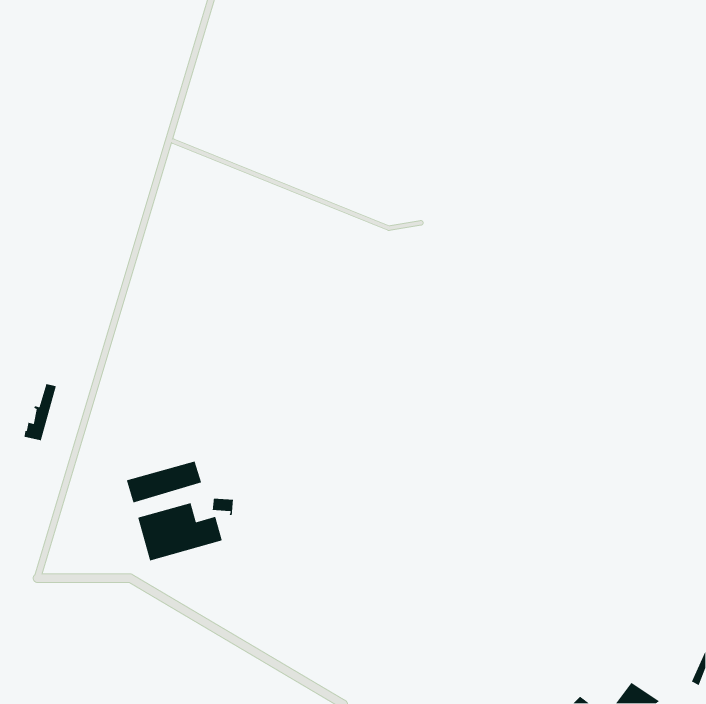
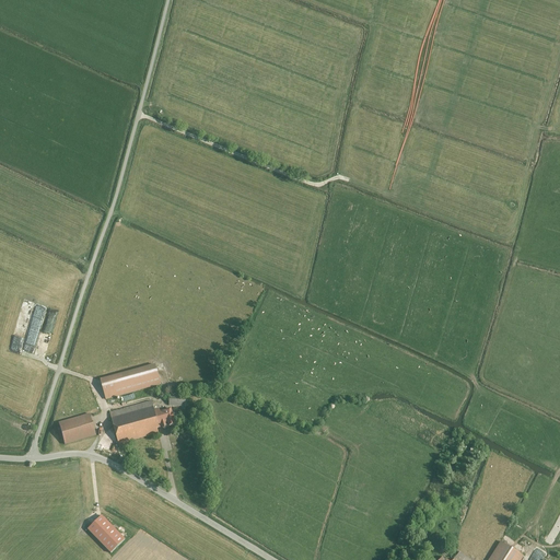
building: none -> [59,412,96,442]
building: none -> [86,515,124,552]

